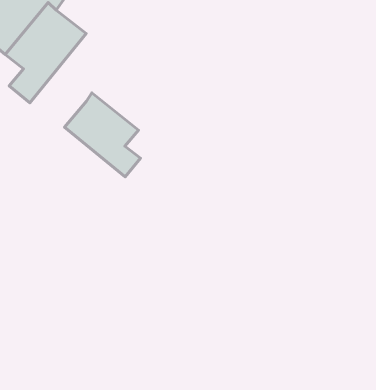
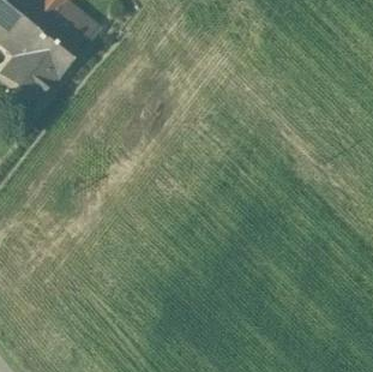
building: [64,93,140,177] -> none

